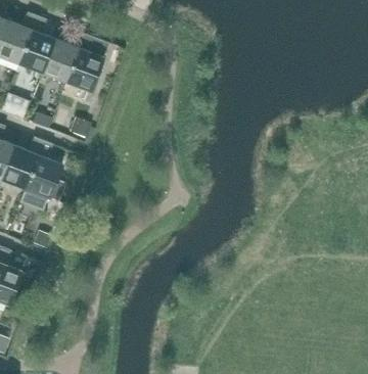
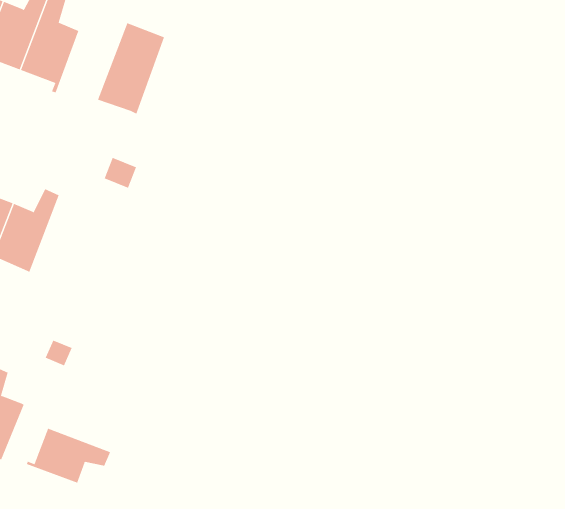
building: [41,31,85,82] -> none
building: [25,141,62,203] -> none
building: none -> [26,428,111,483]

